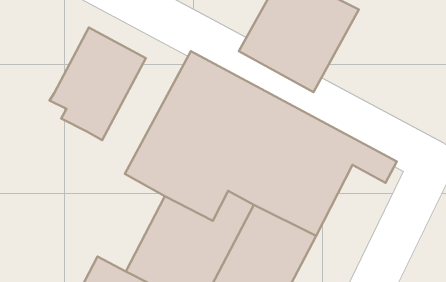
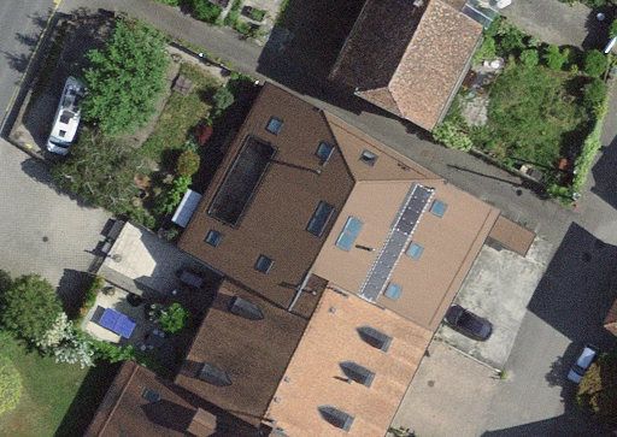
building: [50,28,146,140] -> none

